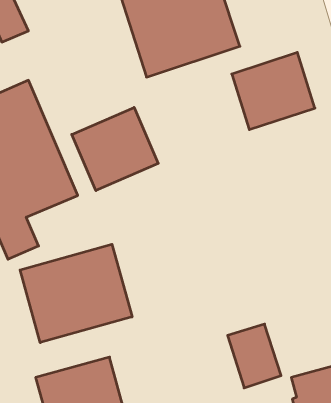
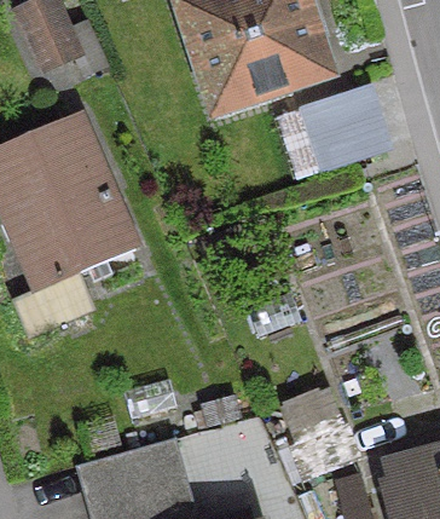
building: [72,107,158,191] -> none
building: [20,244,132,343] -> none

